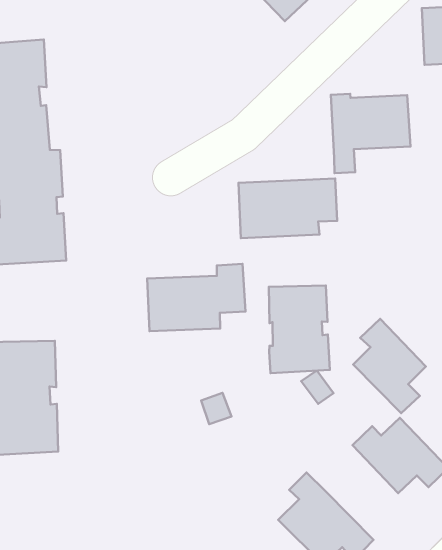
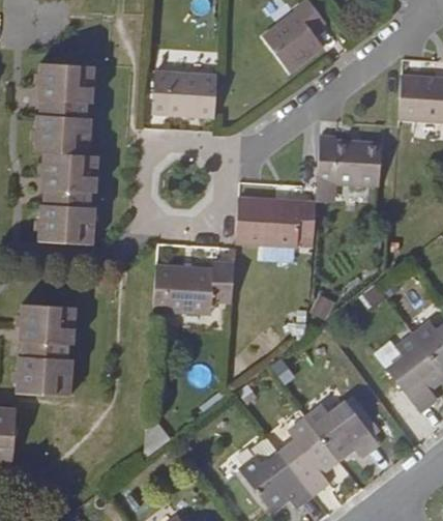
building: none -> [152,70,217,116]
building: [269,285,330,373] -> none
building: [353,319,426,413] -> [279,417,337,495]

